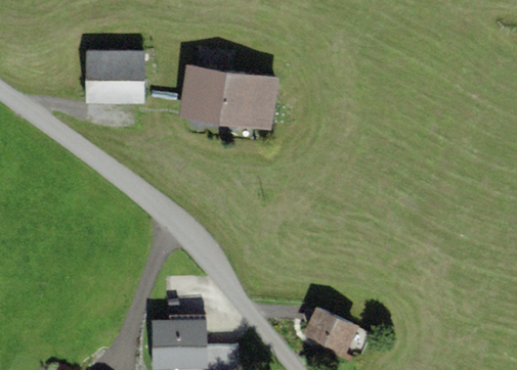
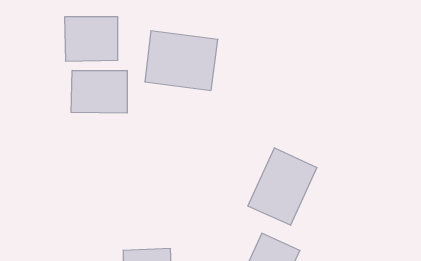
building: none -> [71,70,127,113]
building: none -> [248,148,317,225]

